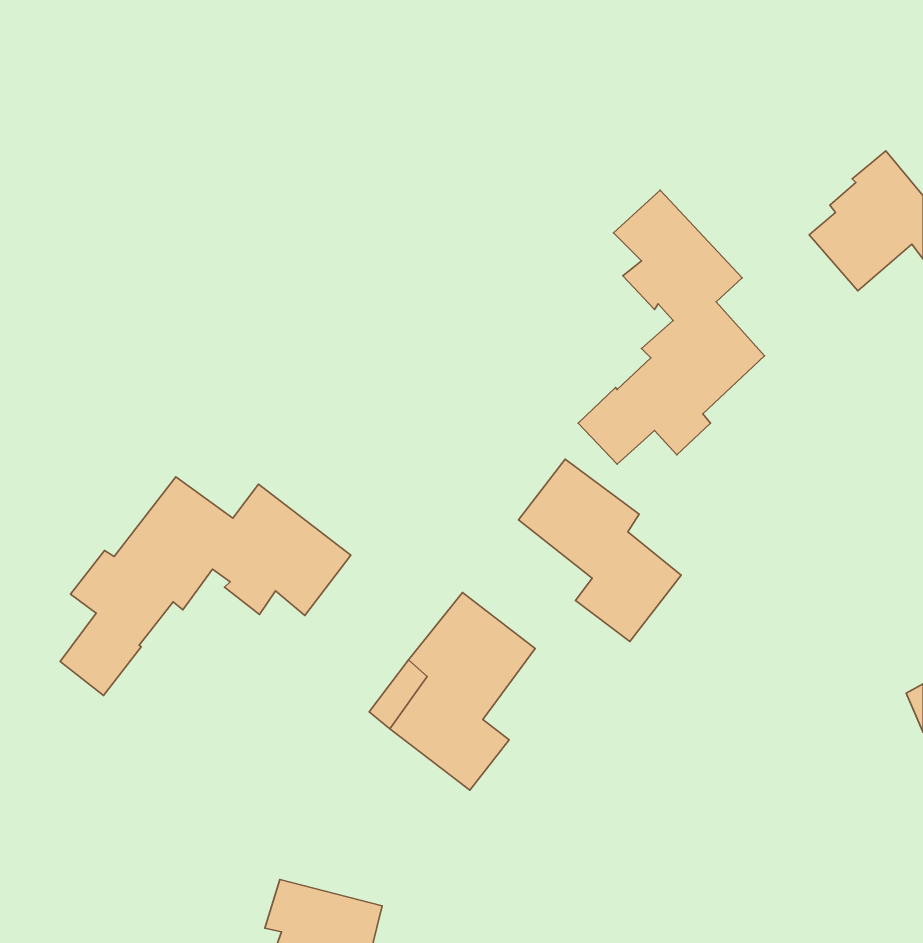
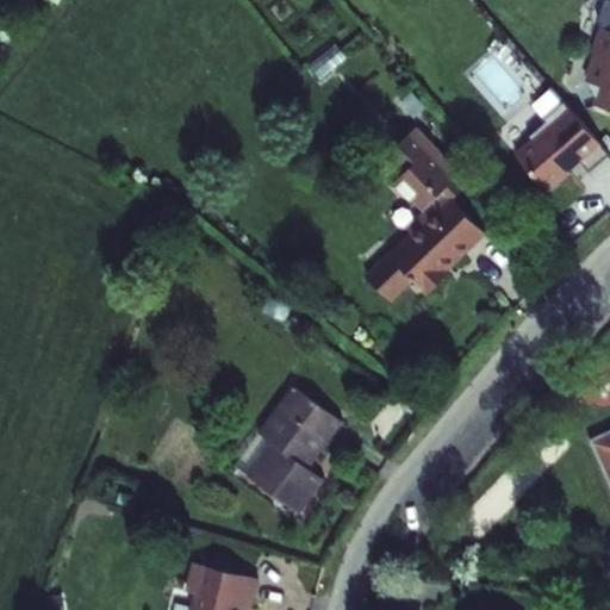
building: [519,459,681,642] -> none
building: [60,477,351,695] -> none

